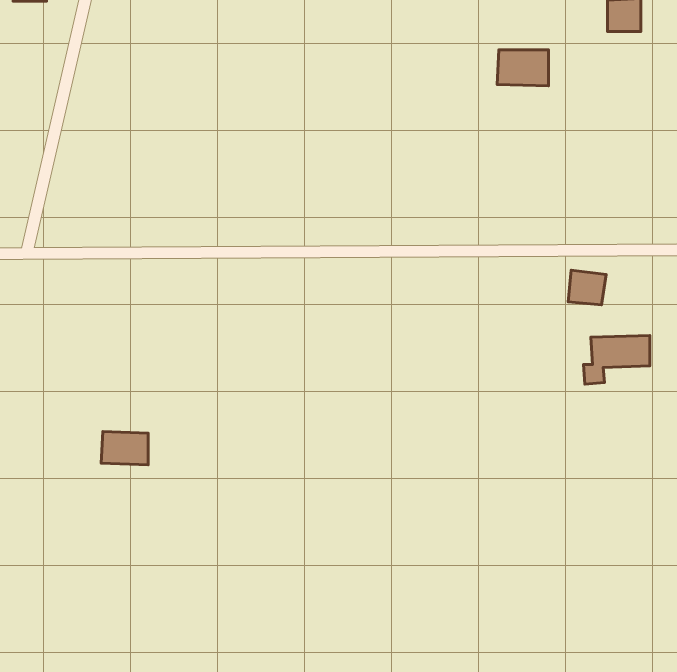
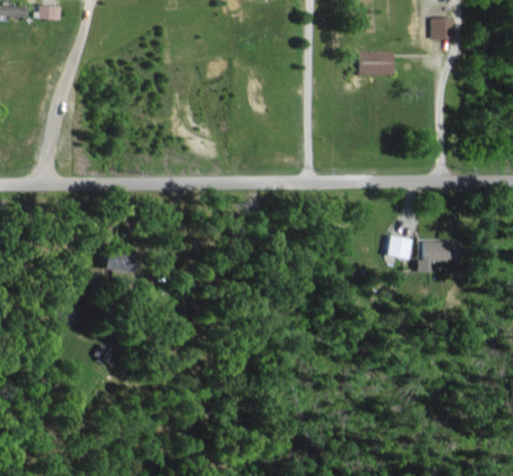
building: [568,270,606,305] -> [387,235,412,259]
building: [101,432,148,465] -> [105,250,136,272]

